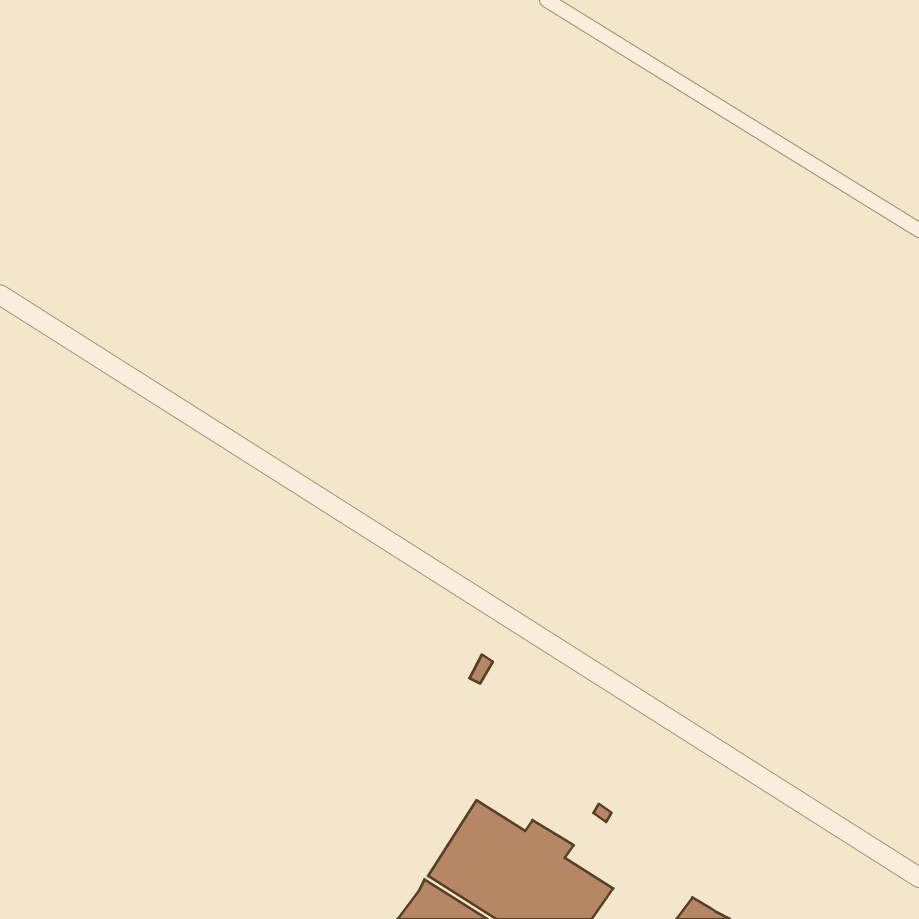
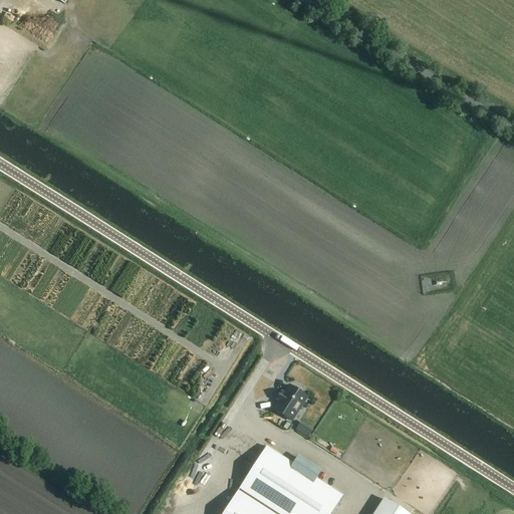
building: none -> [274,384,306,420]

